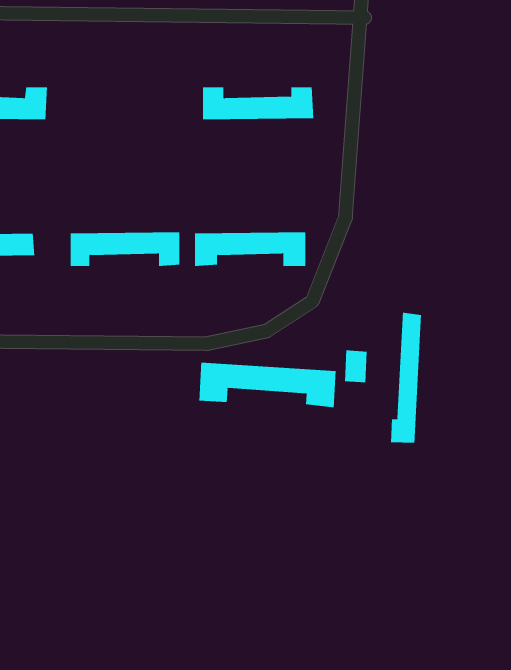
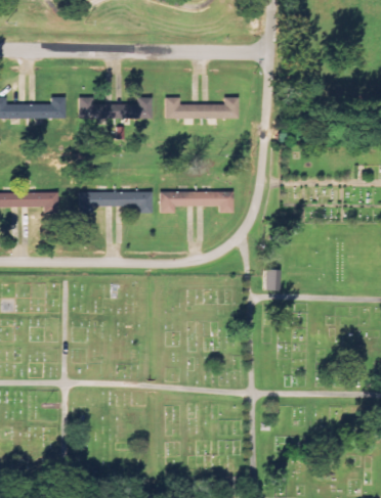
building: none -> [78,97,152,120]
building: [390,312,421,443] -> none
building: [199,362,336,408] -> none

